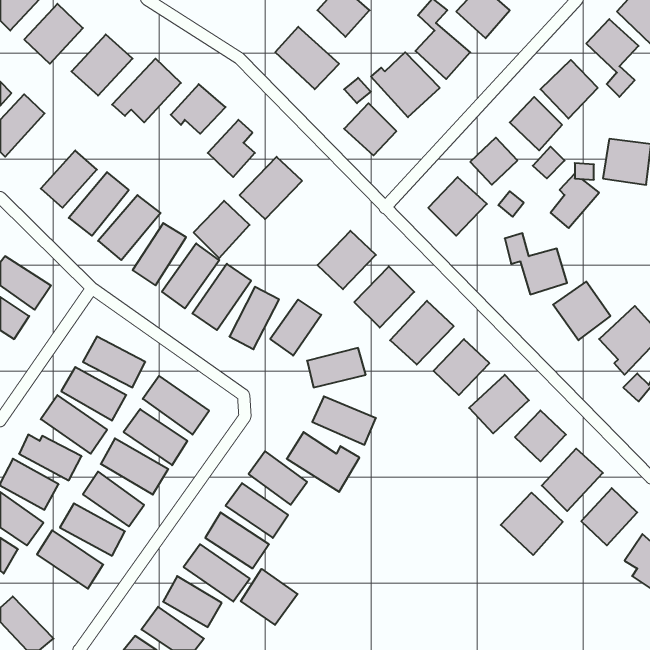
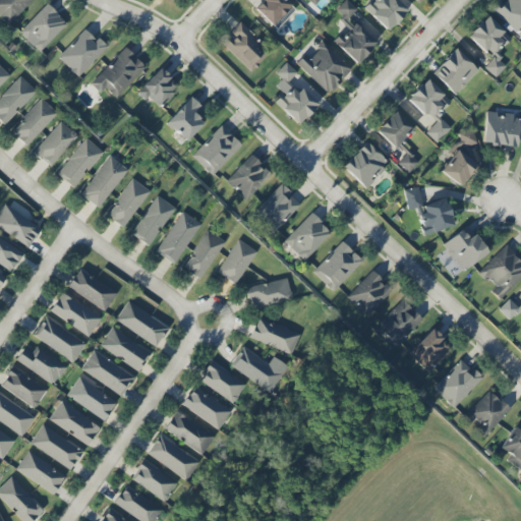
building: none -> [11,98,58,146]
building: [194,201,250,258] -> [227,155,272,200]
building: [501,493,563,555] -> none
building: none -> [16,450,66,495]
building: [241,569,298,625] -> none

